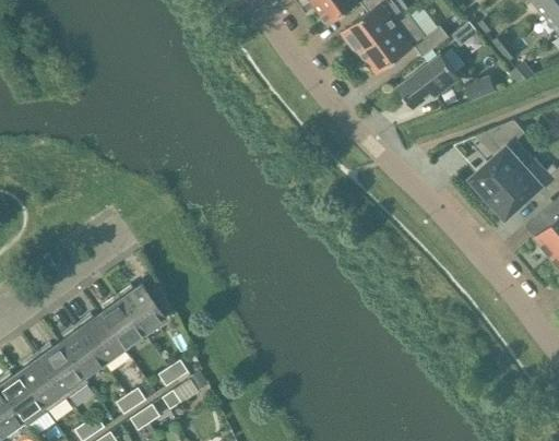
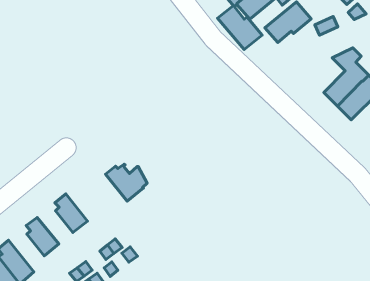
building: none -> [217,6,262,50]
building: [116,283,171,333] -> [105,164,147,201]
building: [75,313,122,361] -> none
building: [35,343,87,397] -> none

